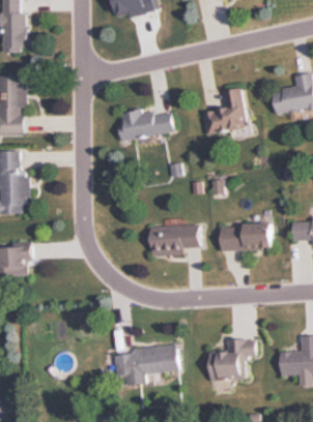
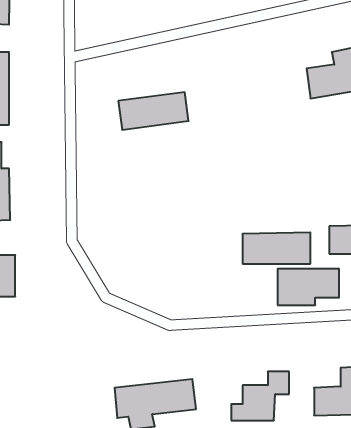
building: [202,91,243,134] -> none
building: [150,225,201,255] -> [278,269,339,305]

